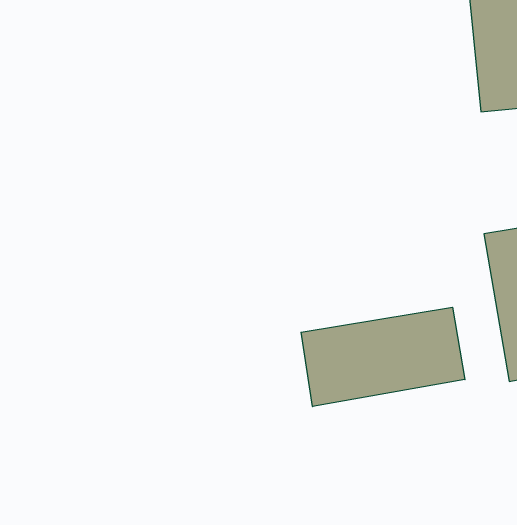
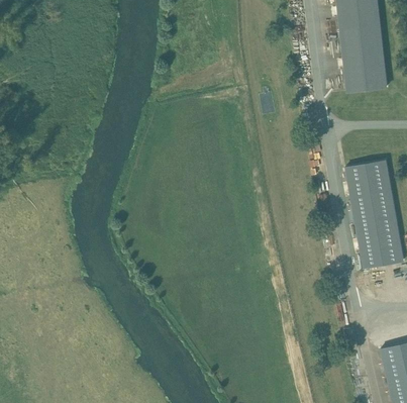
building: [301,307,465,407] -> none

